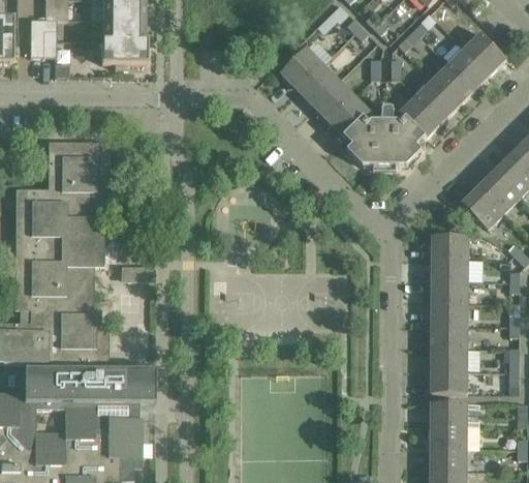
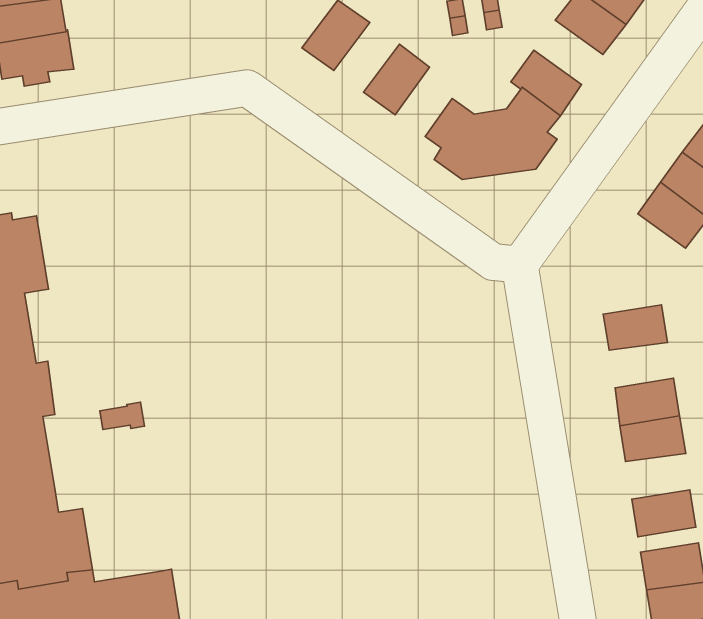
building: [297,63,338,103] -> none
building: [416,80,457,120] -> none
building: [329,95,370,135] -> none
building: [432,234,467,258] -> none
building: [432,279,467,302] -> none
building: [431,346,467,369] -> none

